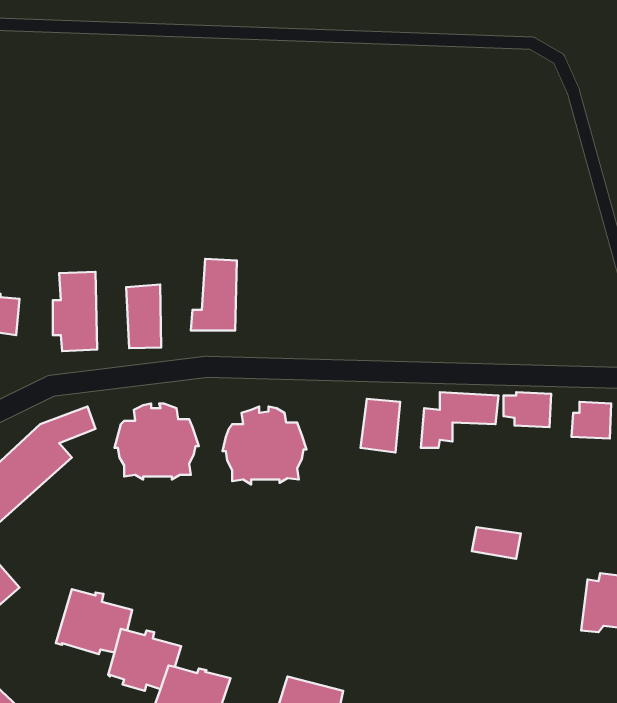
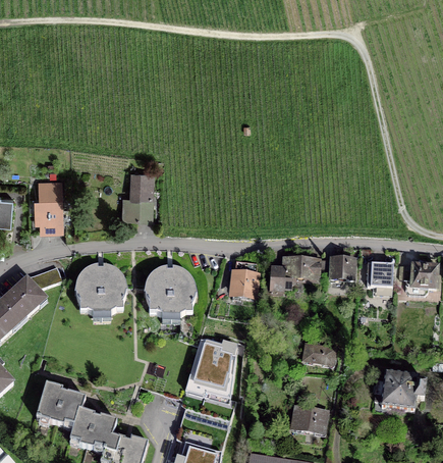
building: [126,285,161,348] -> none
building: none -> [185,337,235,402]
building: none -> [292,407,327,432]

